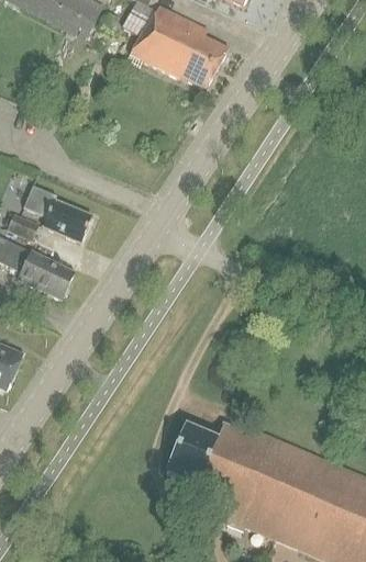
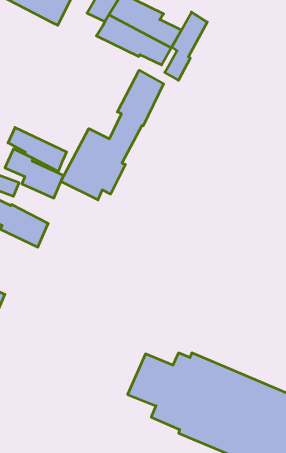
building: none -> [165,12,207,80]
building: none -> [61,70,164,200]
building: none -> [8,127,67,171]

